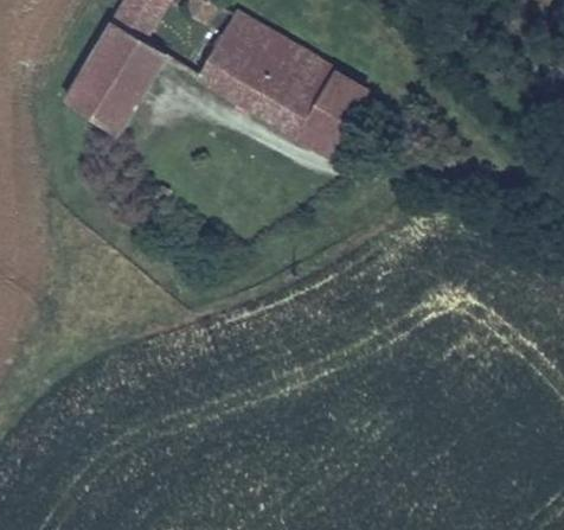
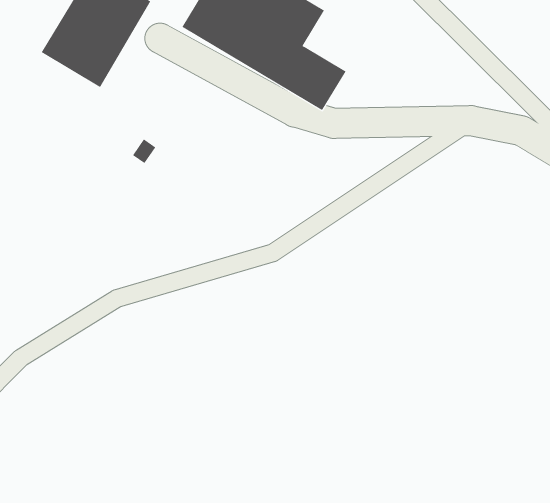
building: [307,63,367,120] -> none

